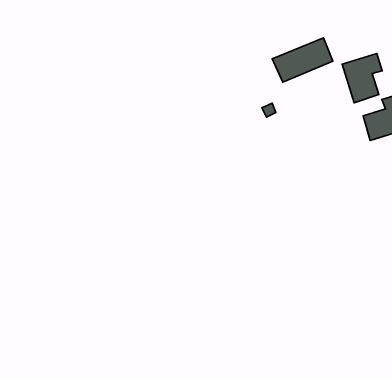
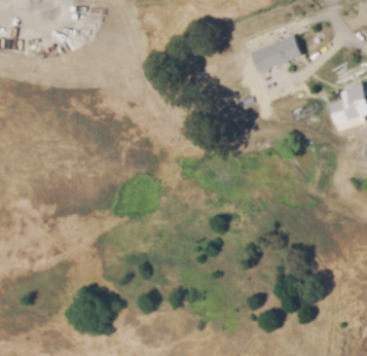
building: [342,53,382,103] -> none

